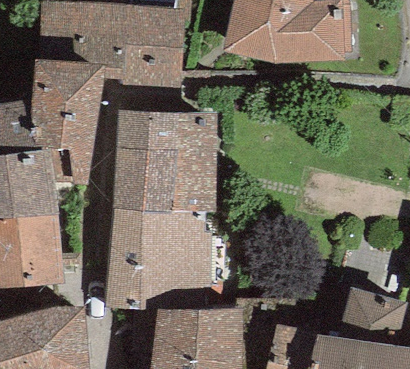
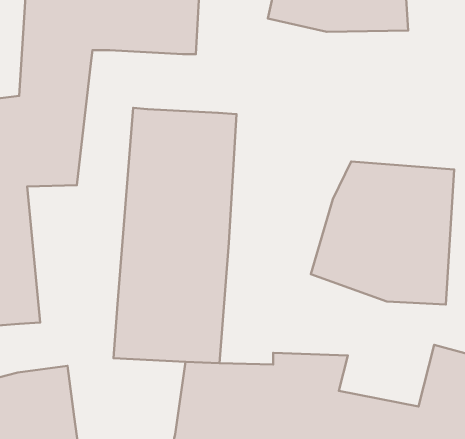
building: none -> [311,162,454,304]

